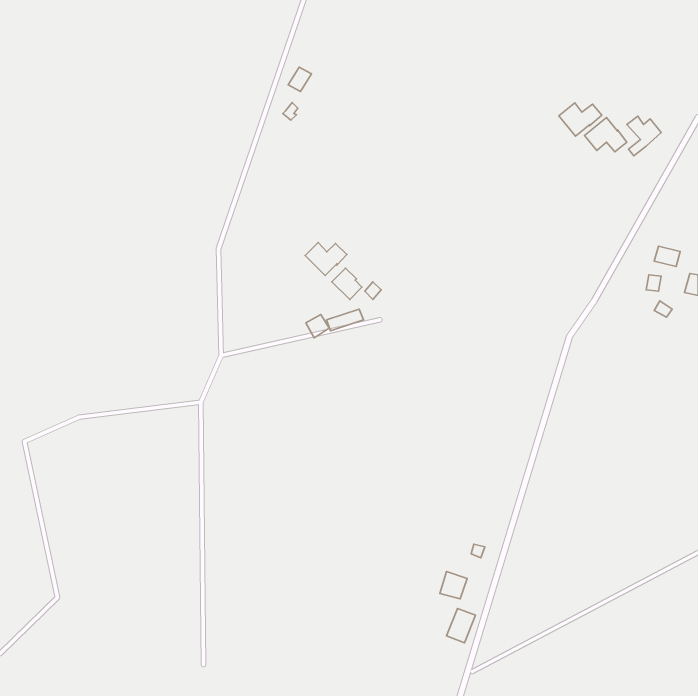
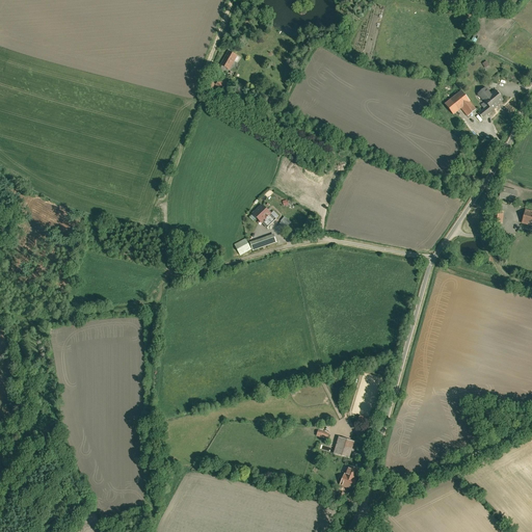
building: [559,103,602,136] -> none
building: [305,242,347,276] -> none

